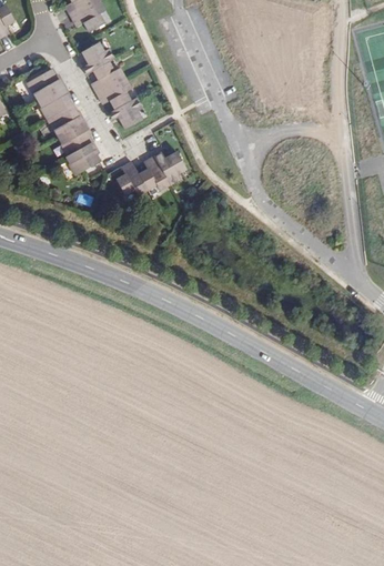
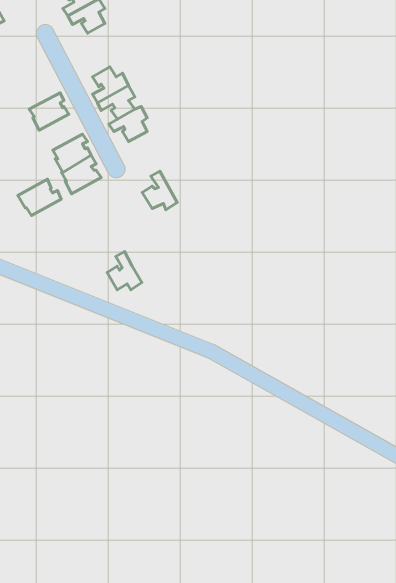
building: [82,42,114,74] -> none
building: [26,68,64,100] -> none
building: [46,104,84,137] -> [18,179,61,215]
building: [153,151,185,183] -> none
building: [115,161,146,195] -> [107,251,142,290]

